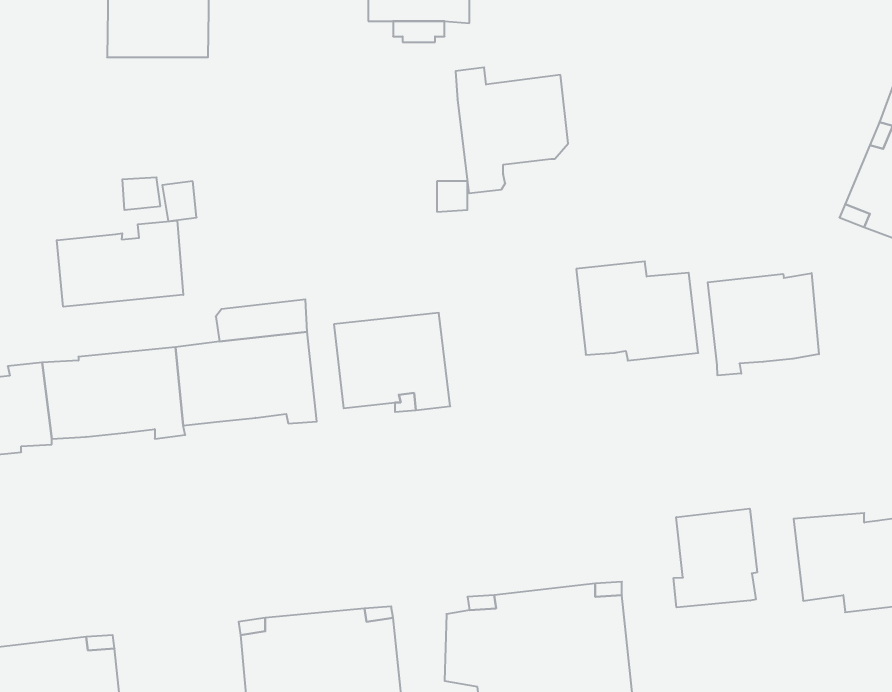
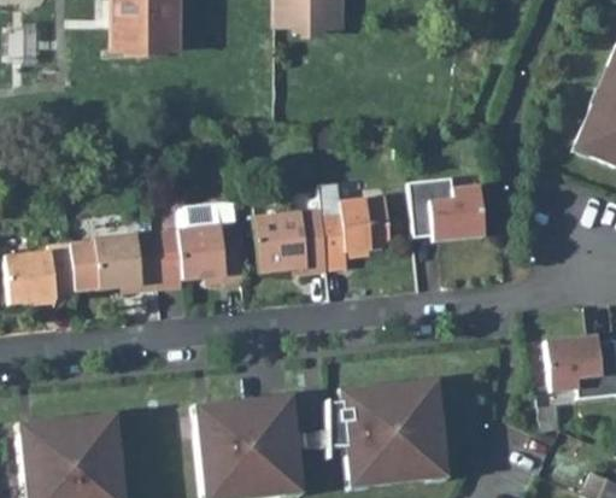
building: [456,67,568,193] -> [321,189,392,269]
building: [57,220,183,307] -> none
building: [708,273,819,375] -> none
building: [674,509,757,607] -> none

